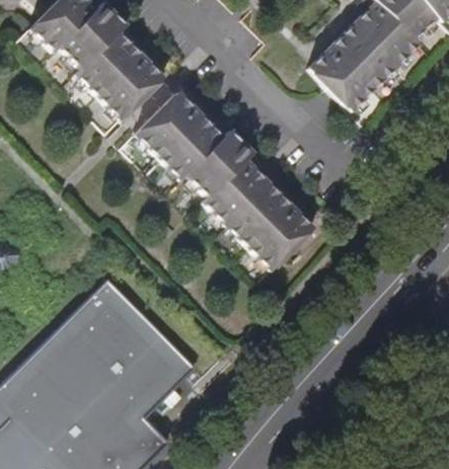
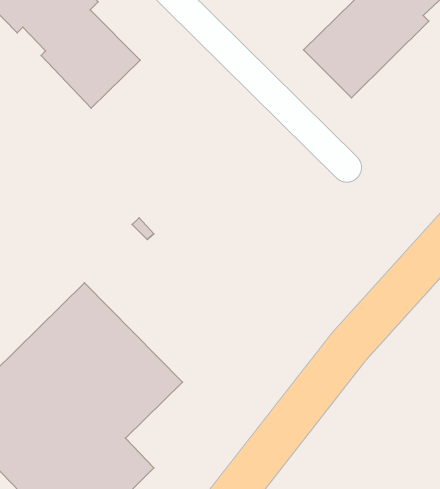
building: [135,91,313,270] -> none

